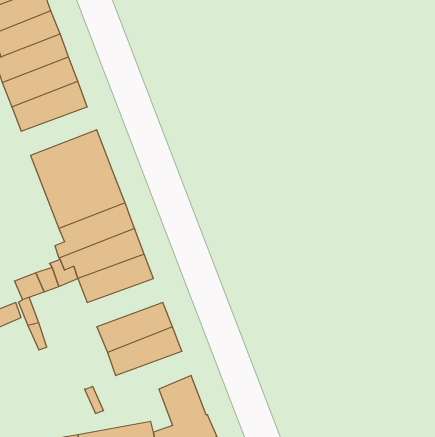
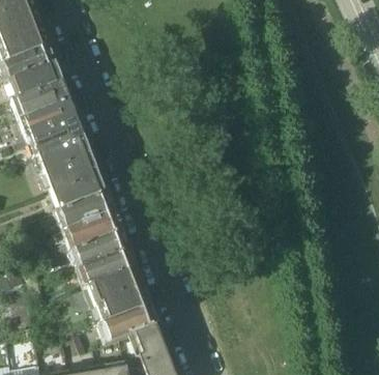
building: none -> [27,116,85,153]
building: none -> [78,248,136,285]
building: none -> [99,304,157,342]

